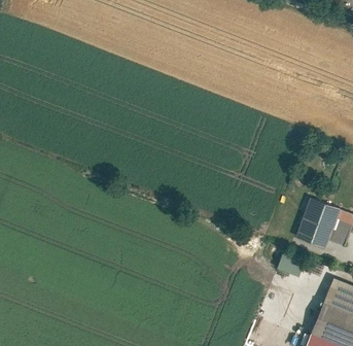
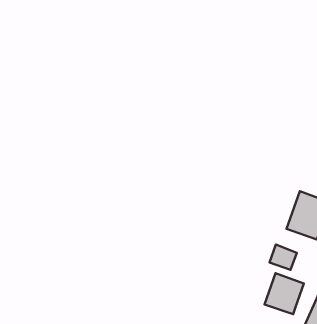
building: none -> [264,273,304,314]

